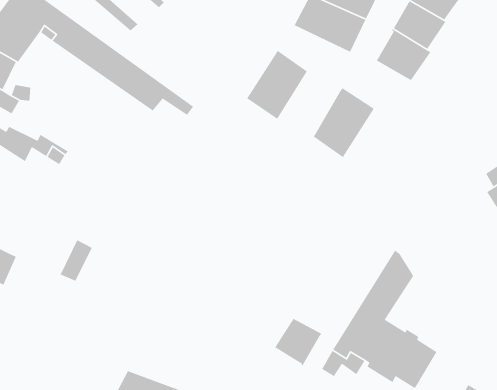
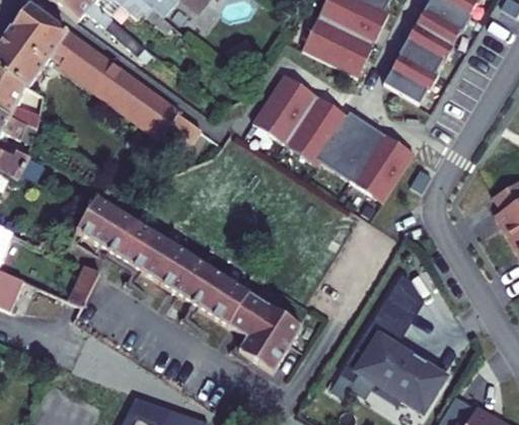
building: none -> [285,93,347,164]
building: none -> [351,131,415,201]
building: none -> [77,196,304,370]
building: [274,318,322,366] -> none

